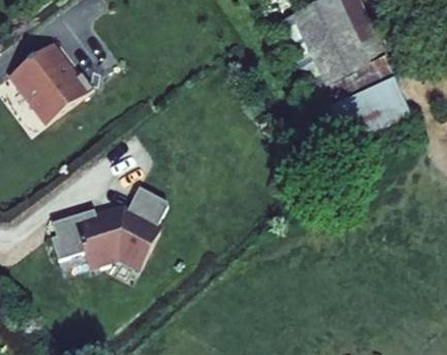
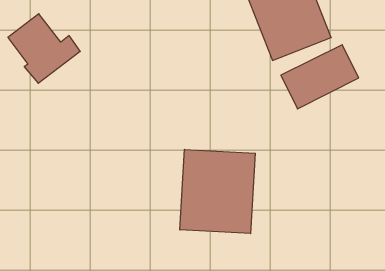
building: [55,188,172,263] -> none
building: none -> [180,149,255,234]

